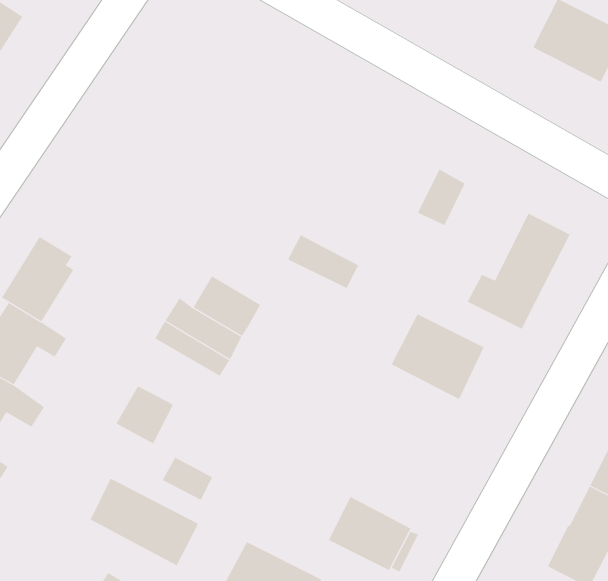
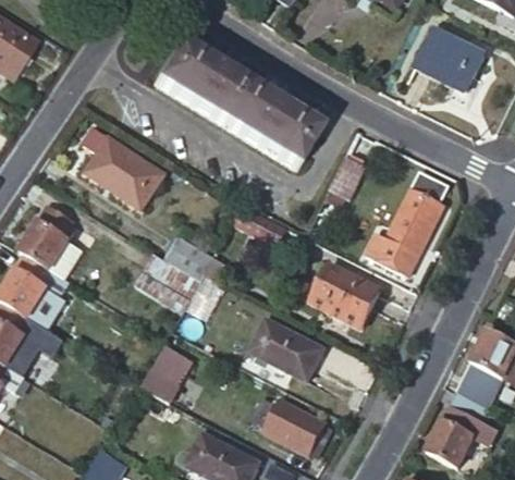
building: none -> [155,44,319,168]
building: none -> [83,126,164,208]
building: [116,386,174,444] -> [149,342,193,385]
building: none -> [250,320,323,380]
building: [90,478,199,566] -> none

